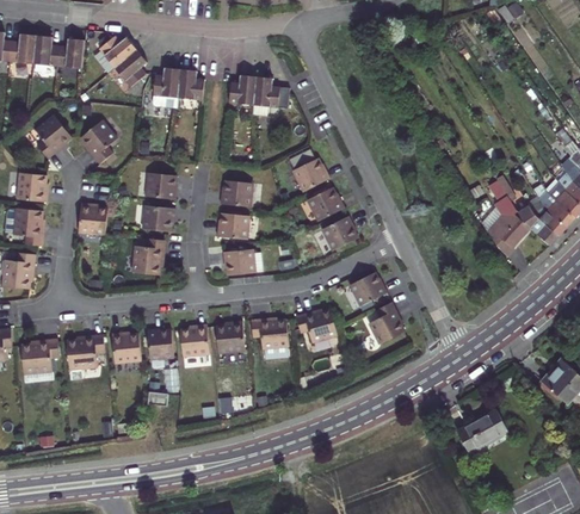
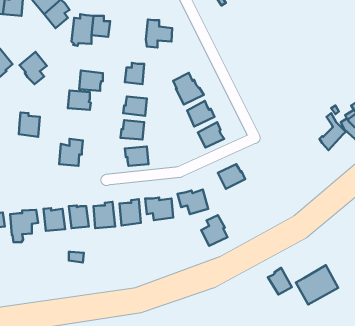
building: [228,73,254,101] -> [125,63,144,84]
building: [142,203,174,230] -> [79,71,103,91]
building: [369,301,405,342] -> [201,215,227,246]
building: none -> [268,268,292,295]

